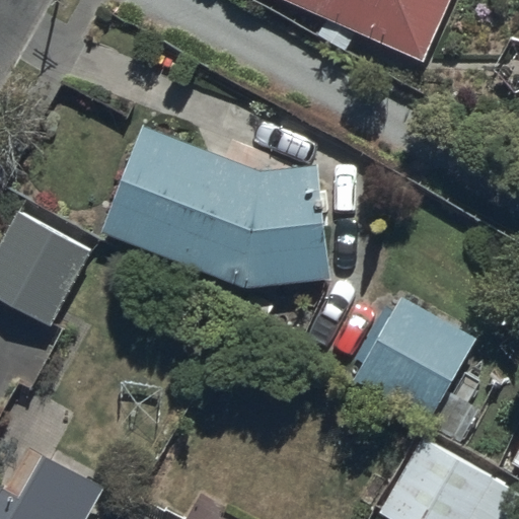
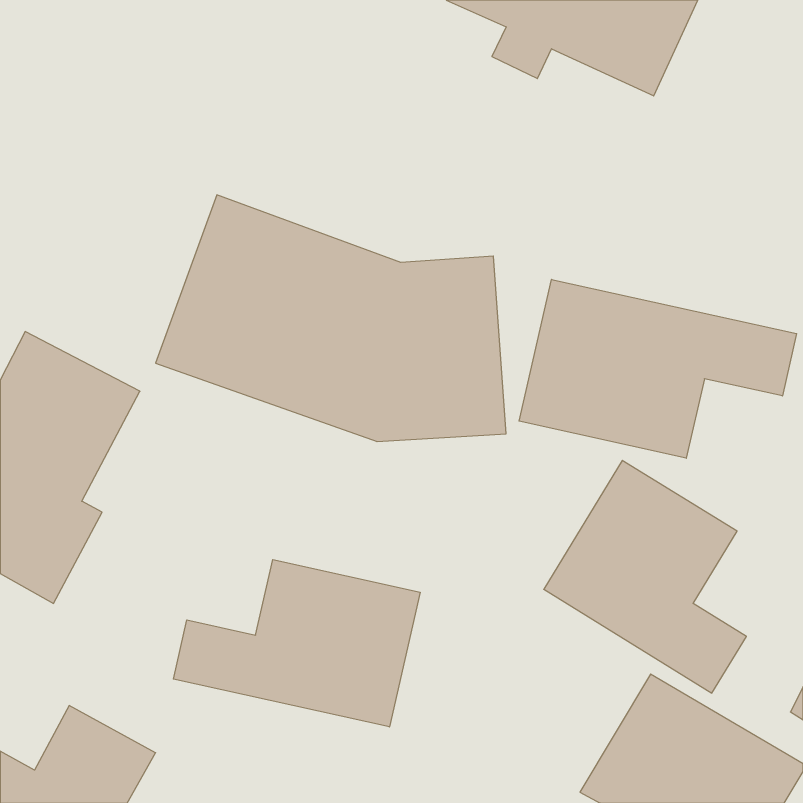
building: none -> [519,279,797,458]
building: none -> [173,560,420,727]

